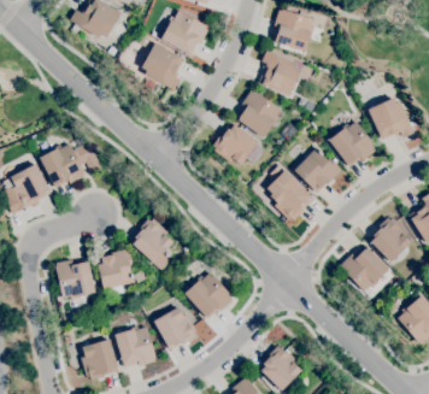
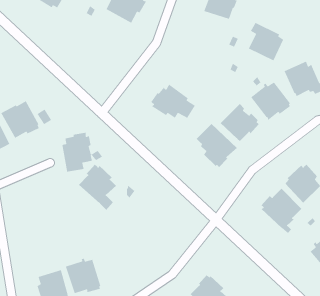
building: [142,42,184,90] -> none
building: [259,51,301,96] -> [248,22,284,61]
building: [235,90,281,137] -> none
building: [99,249,147,296] -> [61,132,103,173]
building: [55,259,96,299] -> none
building: [184,271,234,319] -> none
building: [154,306,198,349] -> none

